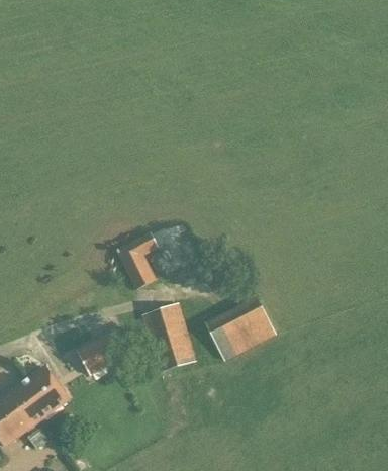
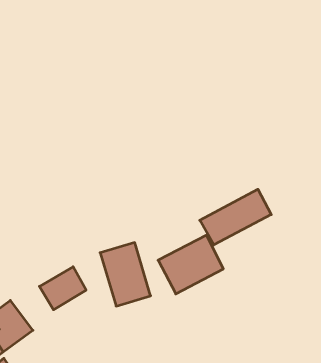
building: [116,231,159,290] -> none
building: none -> [200,189,271,245]

